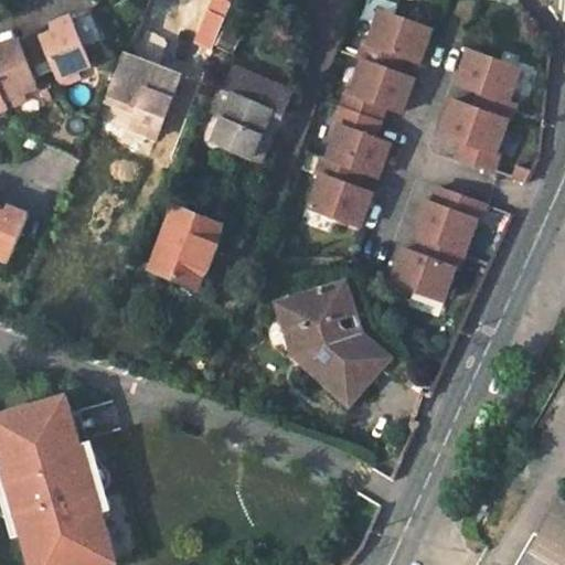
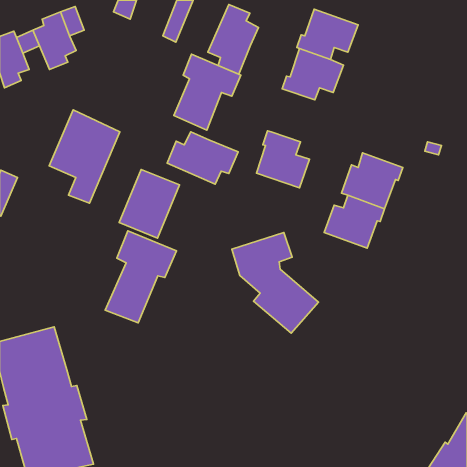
building: none -> [208,4,259,74]
building: [104,24,189,137] -> [49,110,120,203]
building: [440,50,521,171] -> none
building: [327,108,391,178] -> none
building: none -> [167,132,238,184]
building: none -> [105,231,177,323]

